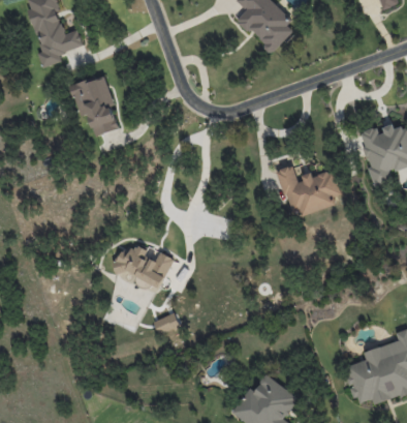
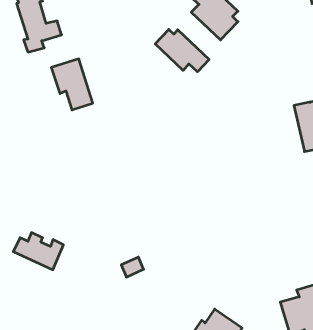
building: none -> [155,29,209,72]
building: [277,165,340,219] -> none
building: [114,244,174,289] -> [13,233,63,270]

